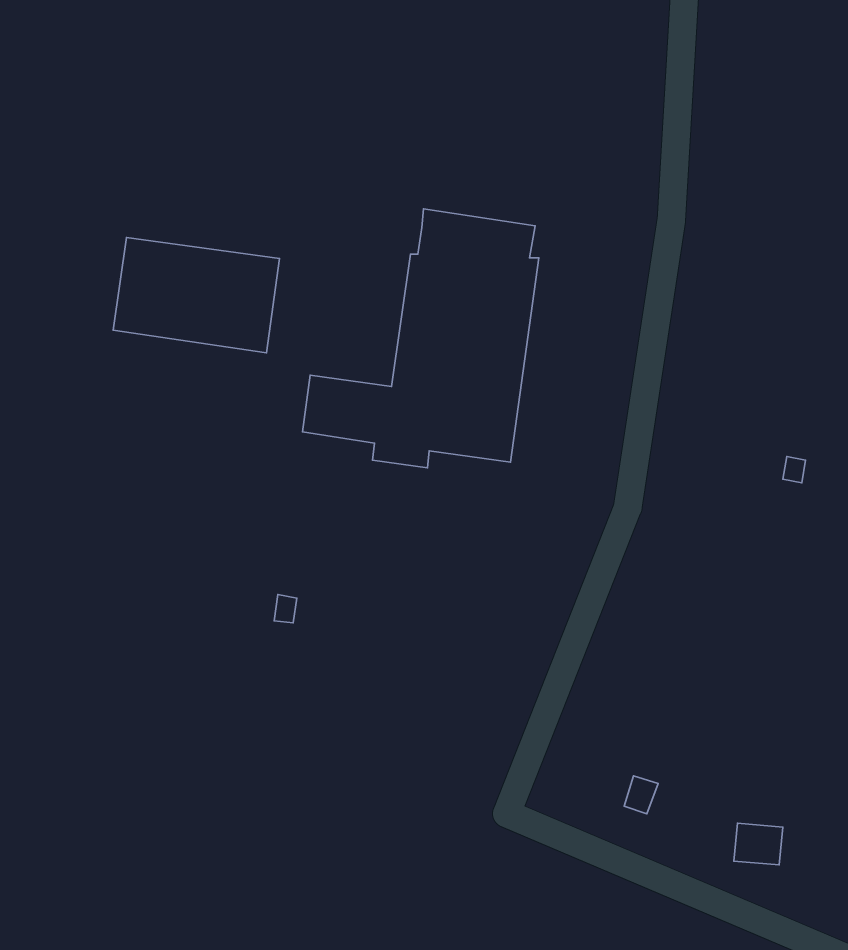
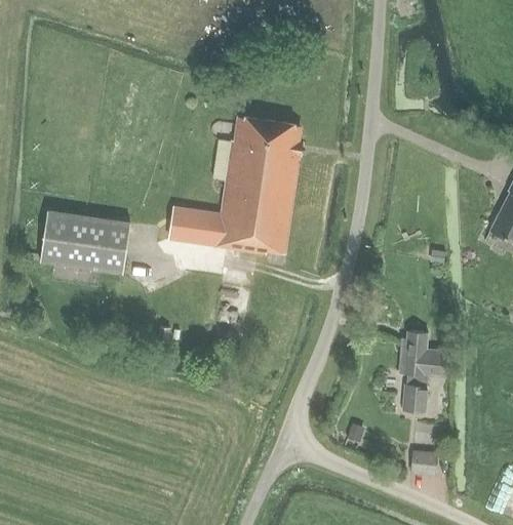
building: [113,238,280,353] -> [40,209,130,272]
building: none -> [398,331,441,411]

